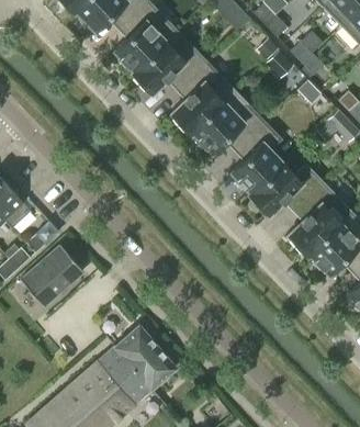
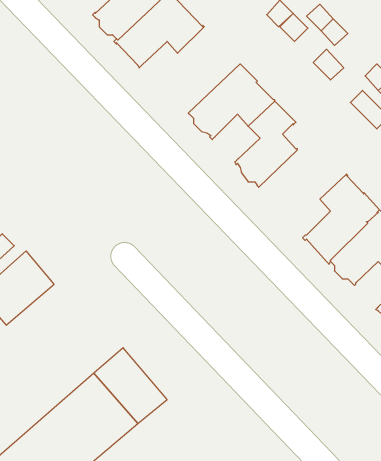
building: [170,59,235,134] -> none
building: [248,161,323,214] -> none

